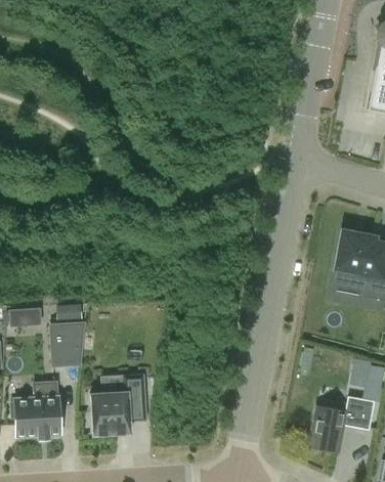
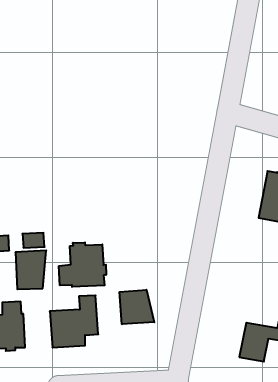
building: none -> [59,242,106,287]
building: none -> [120,290,154,324]

